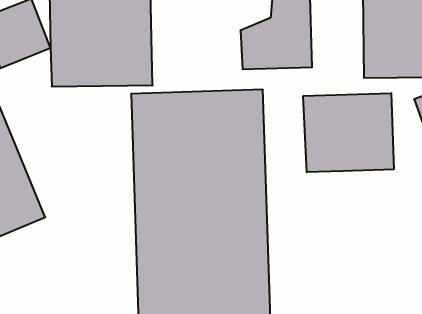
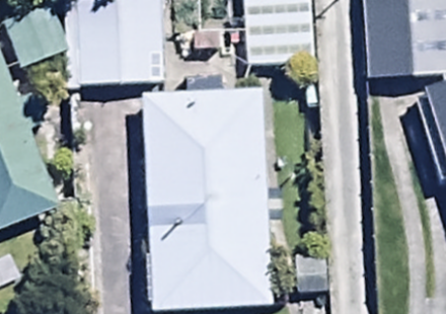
building: [303,93,394,172] -> none

